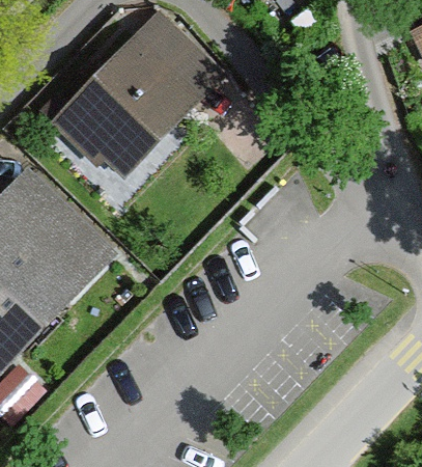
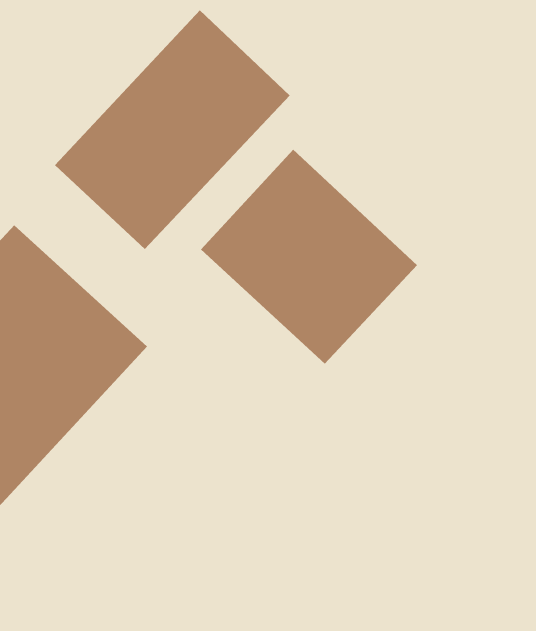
building: none -> [200,149,418,365]

